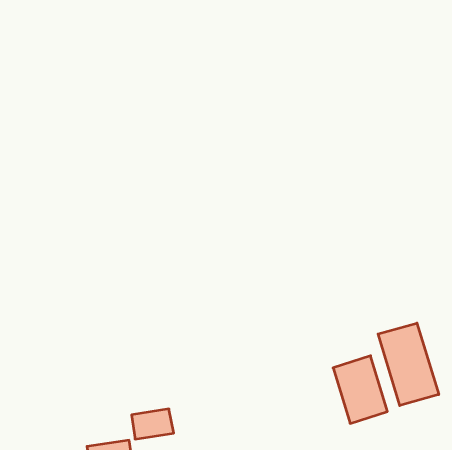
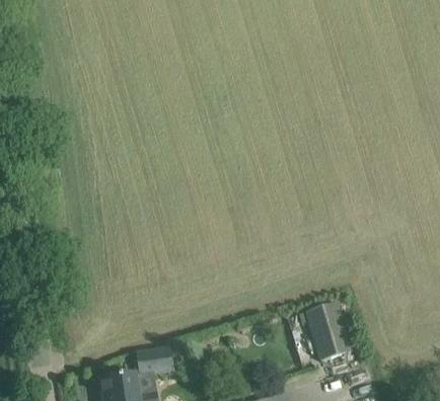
building: [378,323,439,406] -> none

